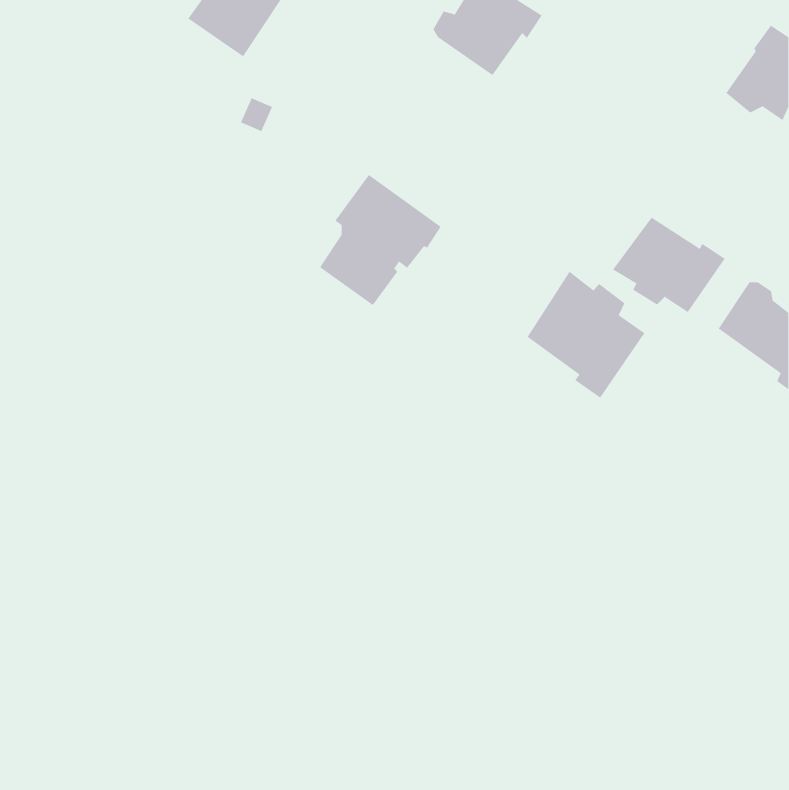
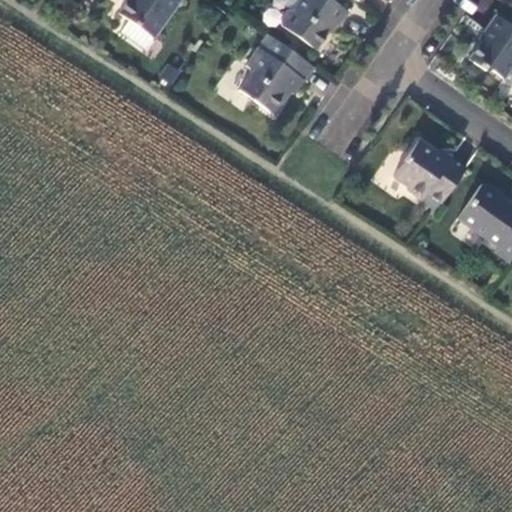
building: [319,174,442,306] -> [237,32,316,117]
building: [527,271,645,399] -> none

